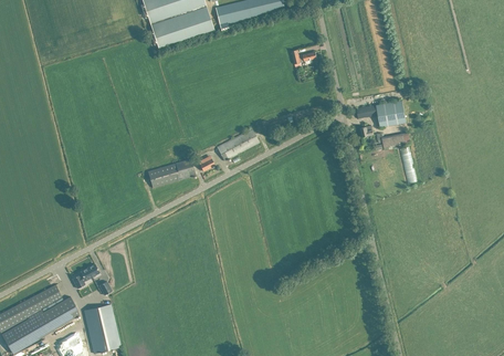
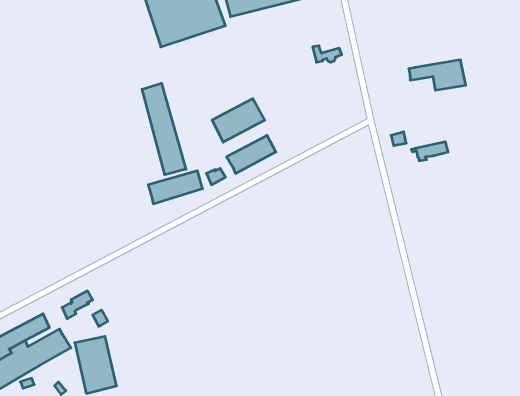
building: none -> [142,83,186,175]
building: none -> [212,99,265,142]
building: [357,100,407,126] -> [409,60,466,90]

